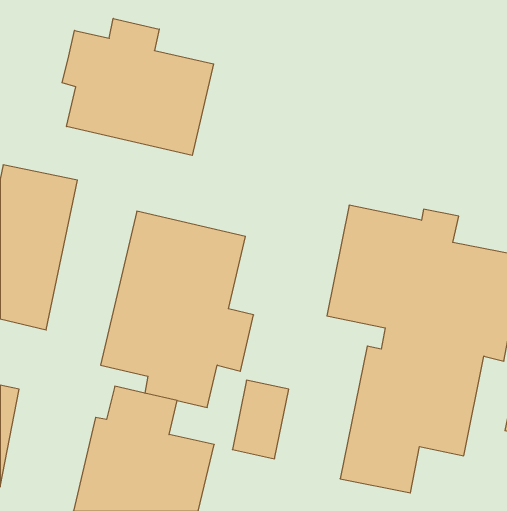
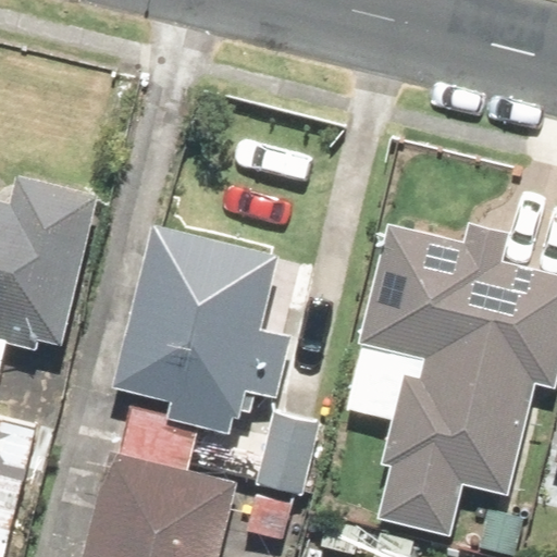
building: [62,18,214,155] -> none

